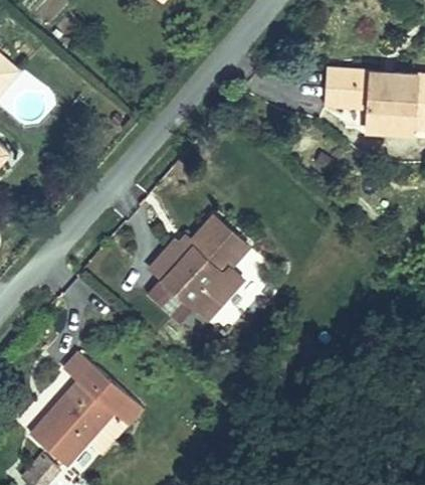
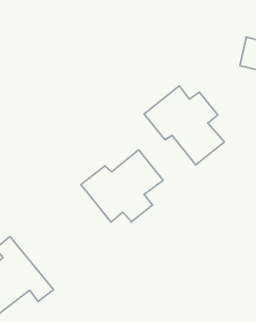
building: none -> [144,86,224,165]
building: [151,285,197,329] -> none

